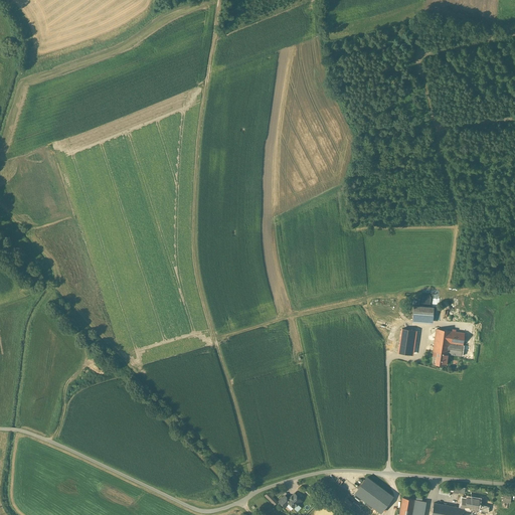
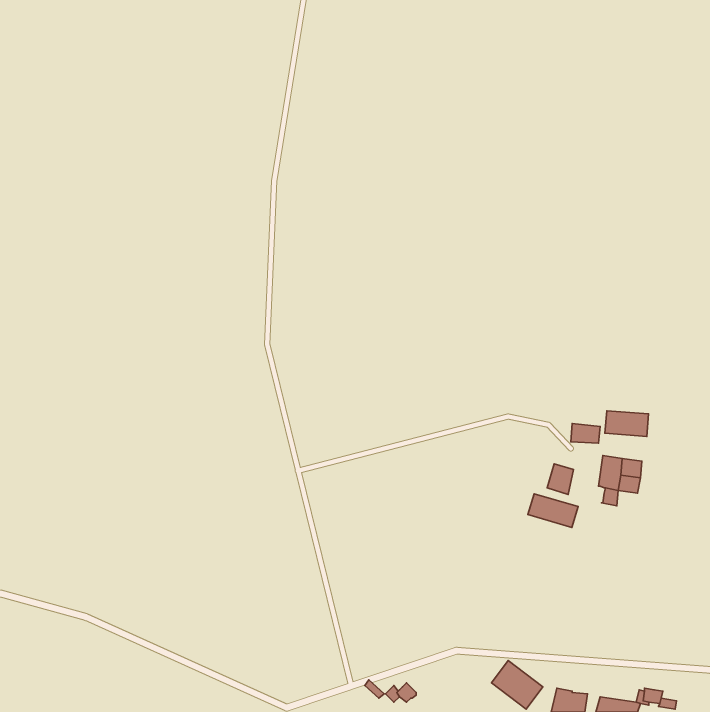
building: none -> [605,411,649,436]
building: none -> [528,494,578,527]

